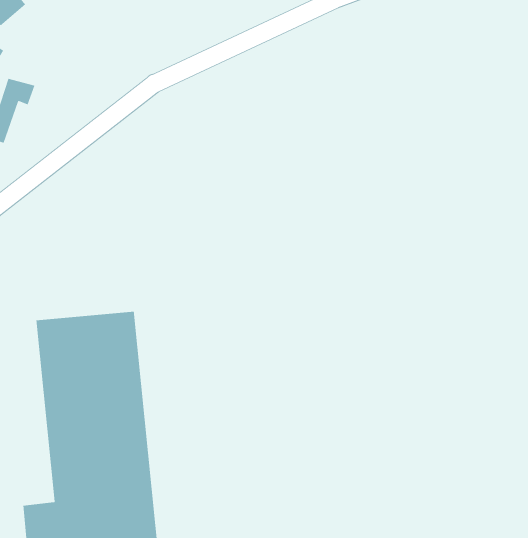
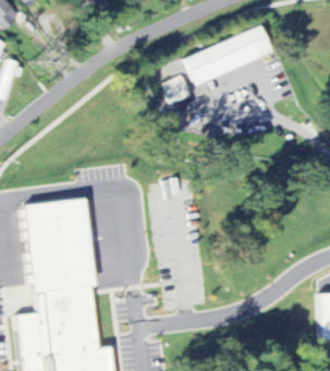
building: none -> [182,23,273,85]
building: none -> [163,74,192,104]

